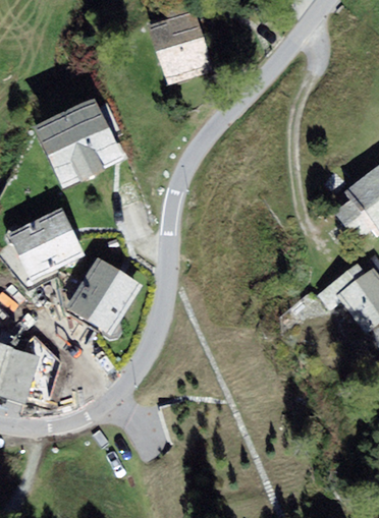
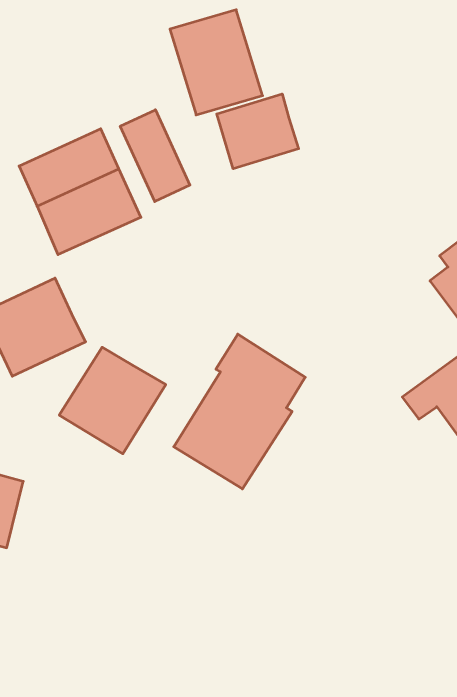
building: none -> [217,94,299,169]
building: none -> [120,110,190,202]
building: none -> [174,334,305,489]

